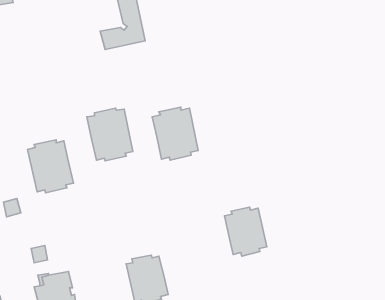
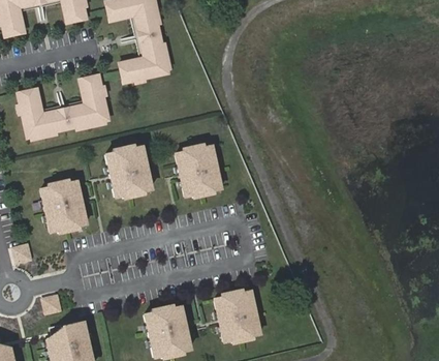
building: none -> [17,73,107,136]
building: [225,207,267,256] -> [215,288,260,340]

